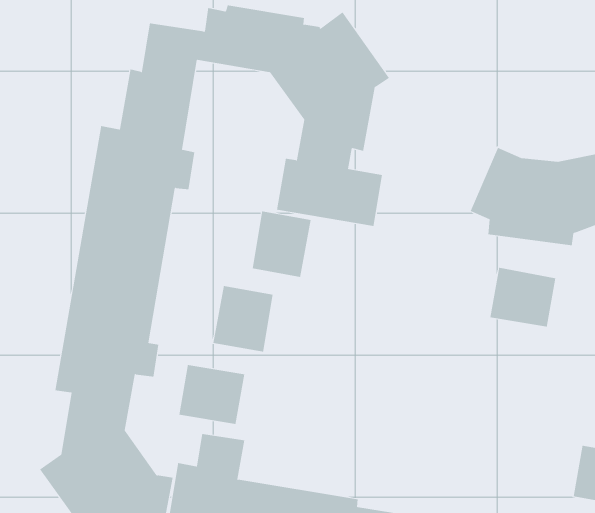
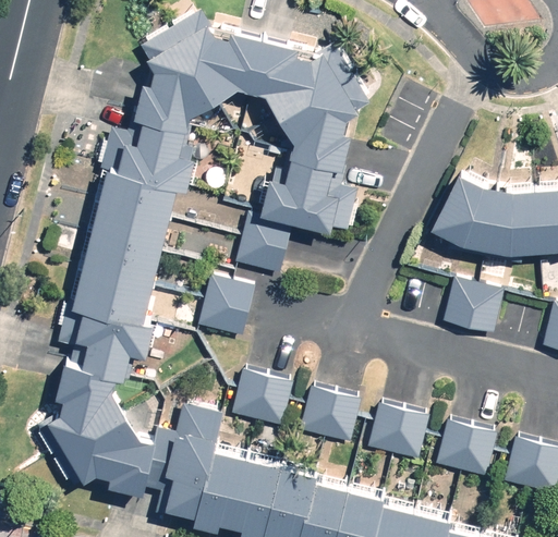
building: [178,365,245,424] -> [232,370,293,426]
building: none -> [301,388,360,443]
building: none -> [369,405,427,460]
building: none -> [438,423,495,476]

